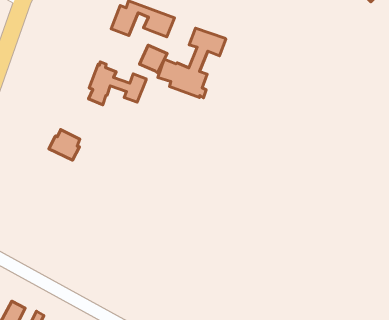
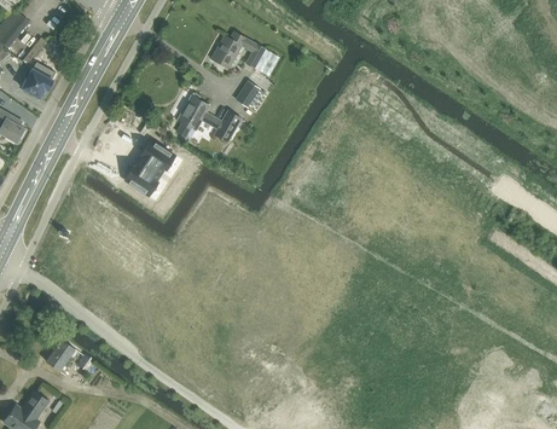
building: [158,28,226,98] -> none
building: none -> [140,139,175,173]

